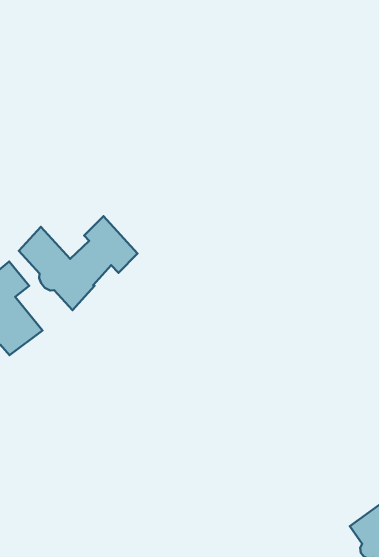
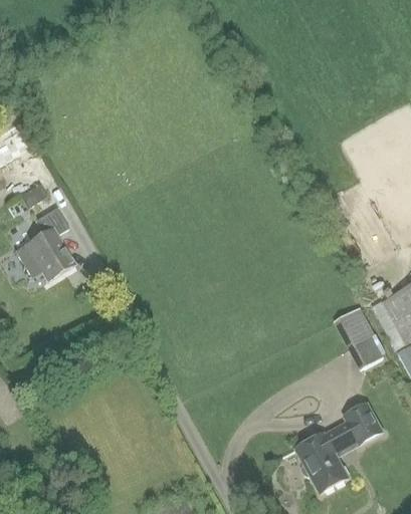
building: [19,216,137,310] -> none

